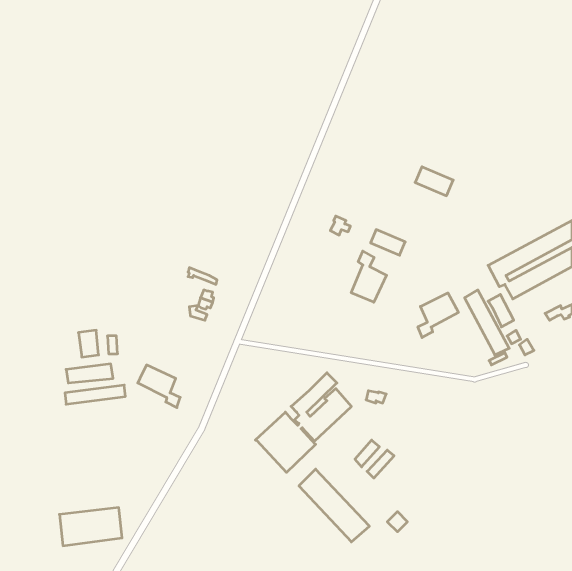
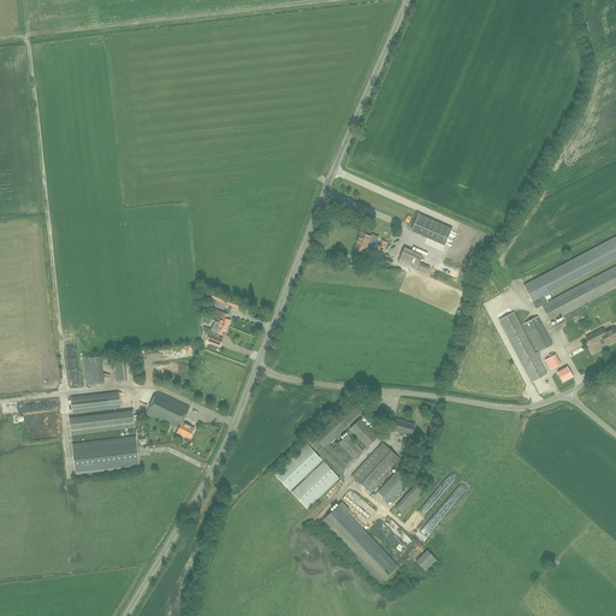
building: [415,167,453,196] -> [411,213,452,244]
building: [351,251,387,302] -> none
building: [418,293,458,338] -> none
building: none -> [353,442,402,492]
building: [59,508,122,546] -> [72,436,140,476]

